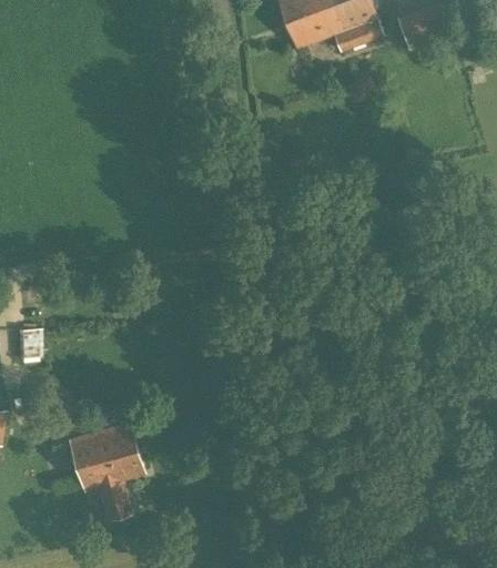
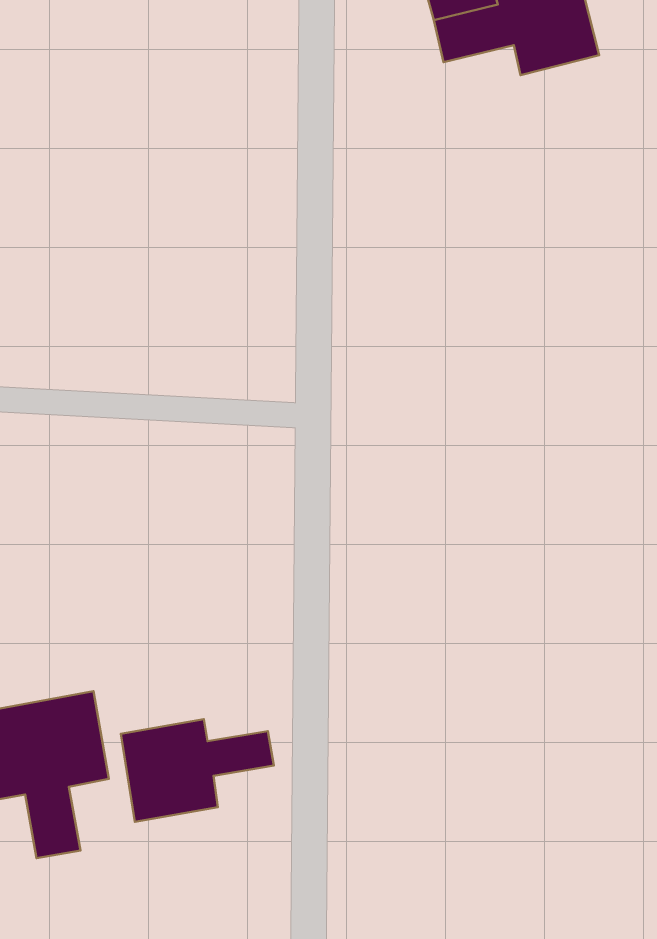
building: none -> [121,719,274,822]

